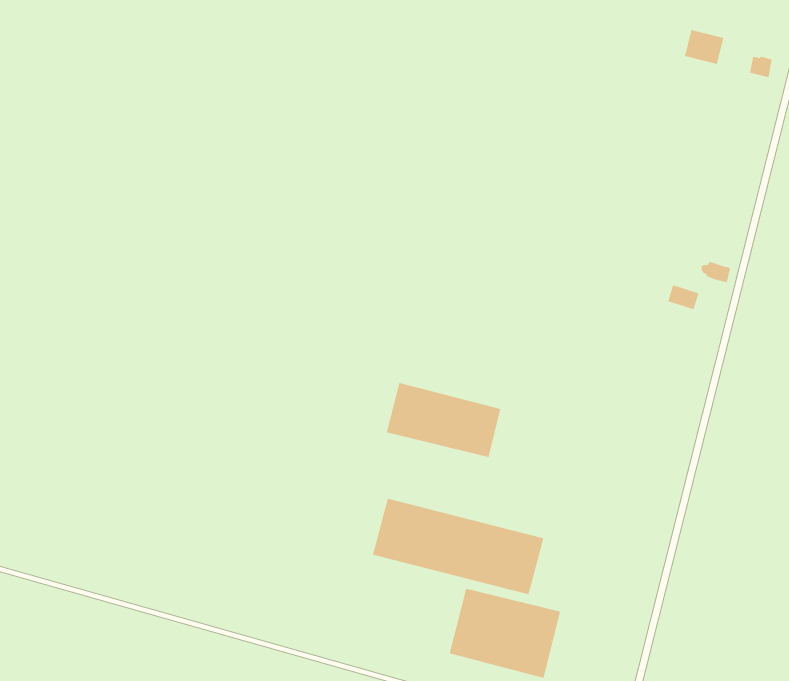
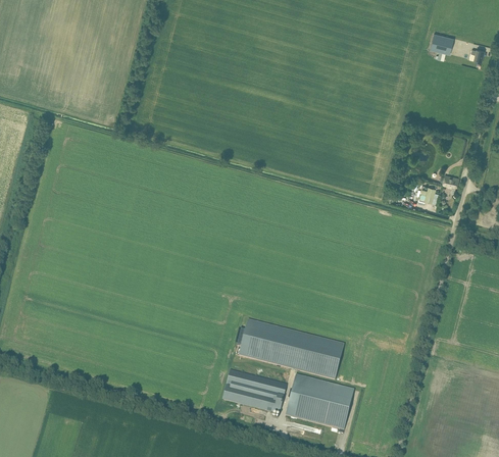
building: [386,382,501,458] -> none
building: none -> [221,367,286,412]

